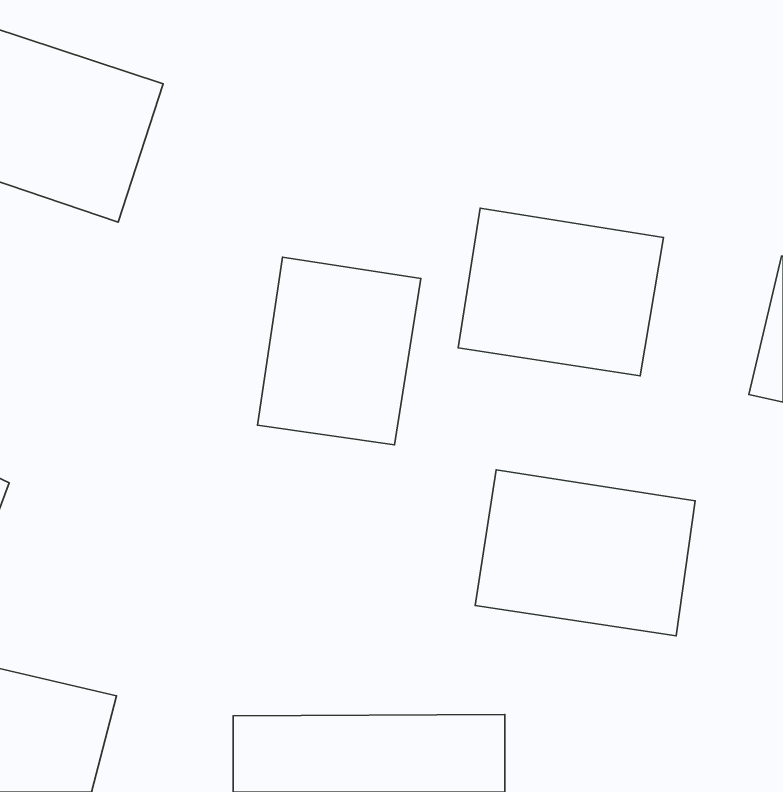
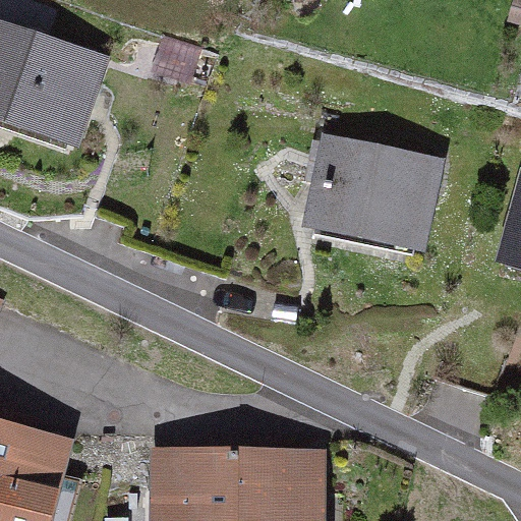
building: [257,257,421,445] -> none
building: [475,470,695,636] -> none

